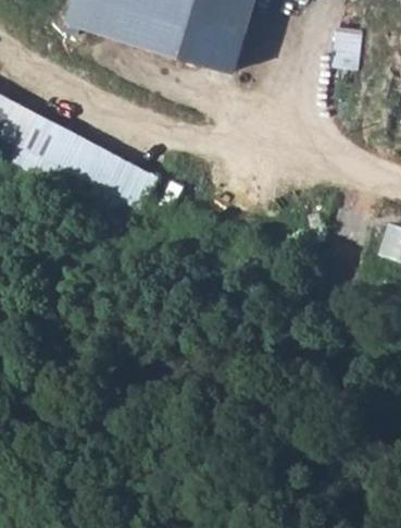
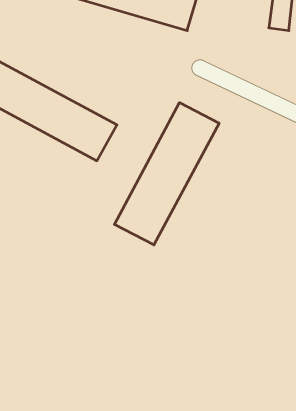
building: none -> [114,103,219,245]

